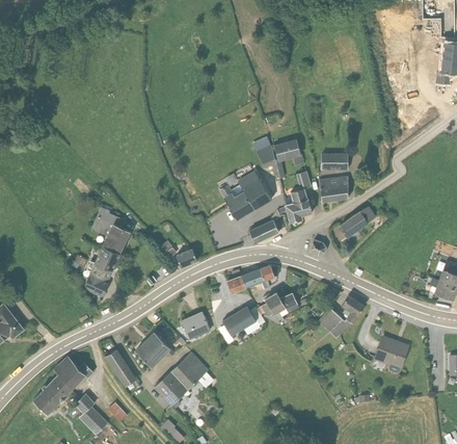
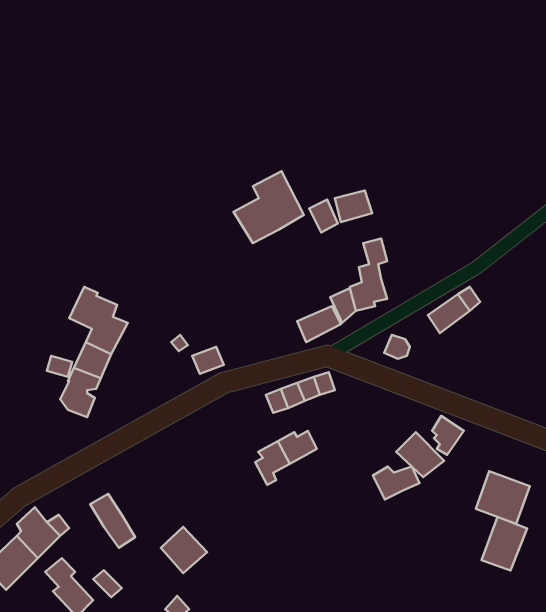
building: [321,153,347,169] -> none
building: [223,171,272,220] -> [233,171,304,243]
building: [319,177,348,201] -> none
building: [265,292,297,315] -> [373,467,419,500]
building: [181,310,211,339] -> none
building: [134,331,173,367] -> none
building: [169,352,208,390] -> none
building: none -> [481,517,527,571]

